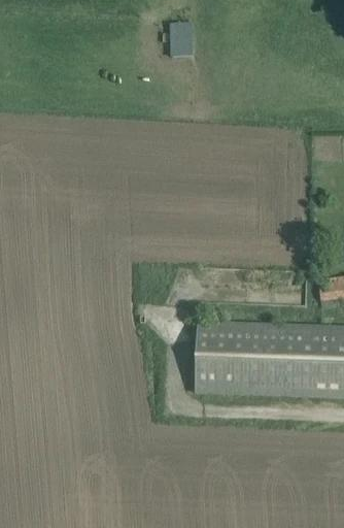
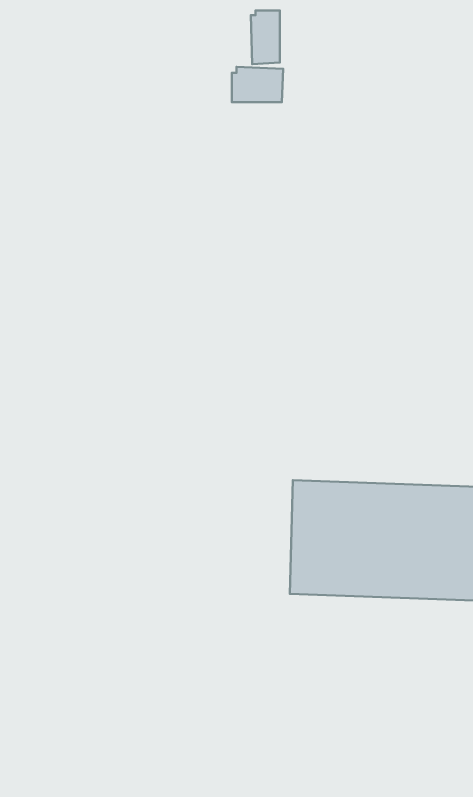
building: none -> [232,67,283,102]

